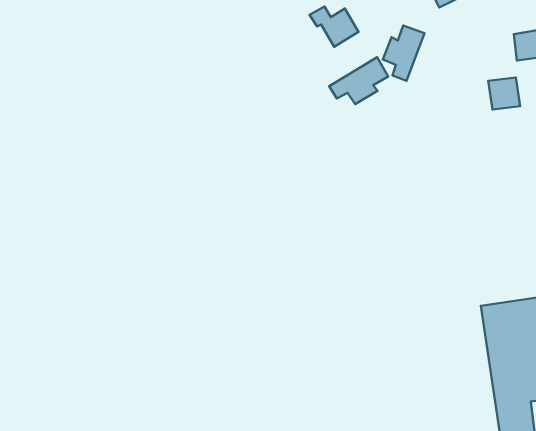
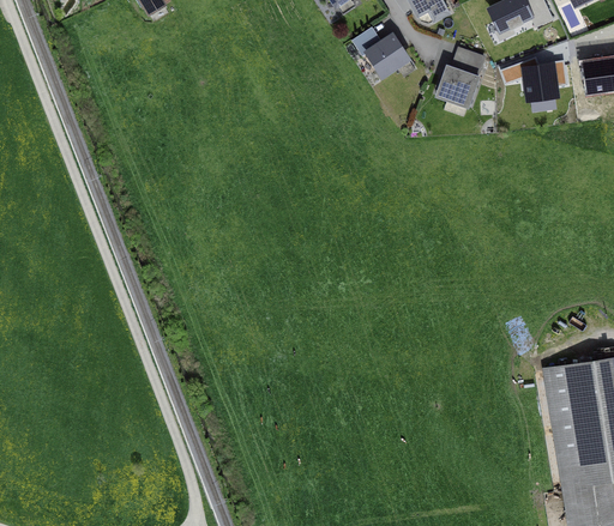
building: [329,57,388,104] -> none
building: [488,78,520,109] -> [523,65,559,101]

